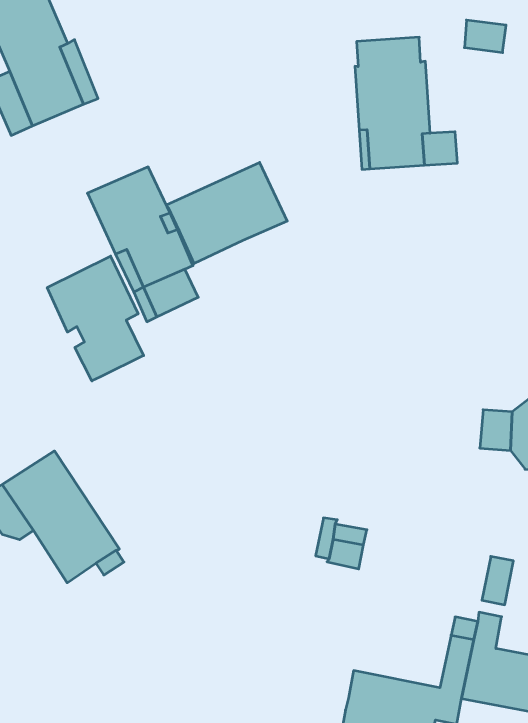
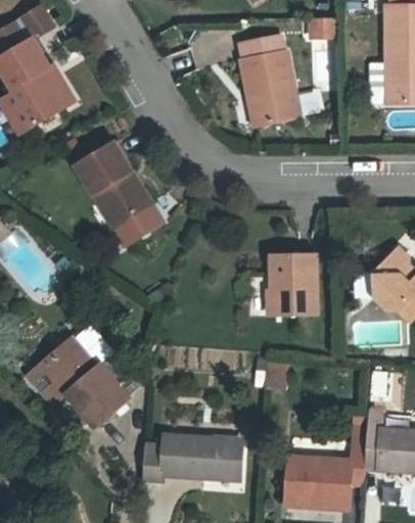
building: [166,162,287,264] -> none
building: [47,256,144,381] -> none
building: none -> [270,253,317,314]
building: none -> [142,435,239,480]

